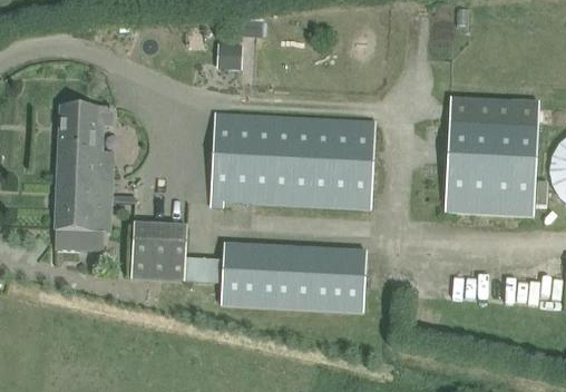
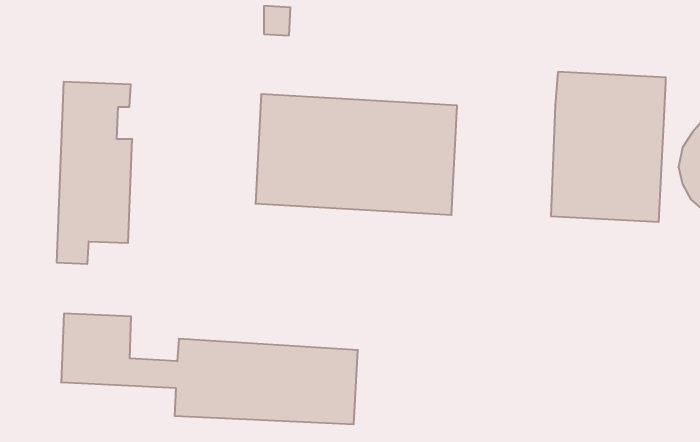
building: [130,223,367,311] -> [61,314,358,424]

